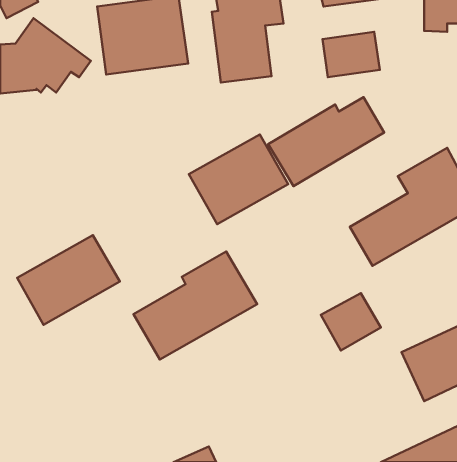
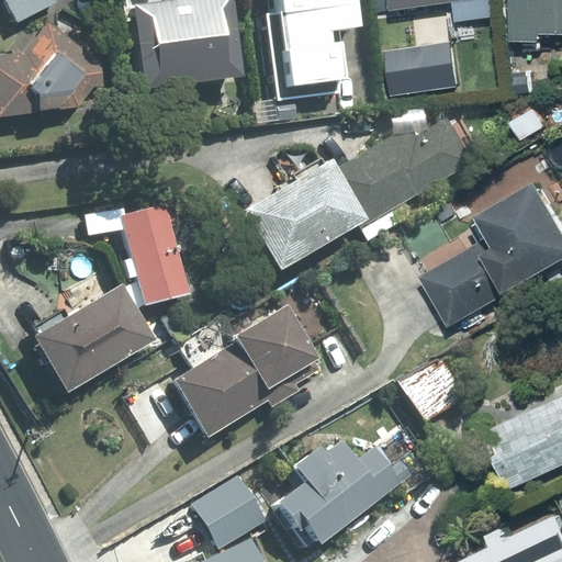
building: none -> [119,204,190,307]
building: none -> [271,439,411,544]
building: none -> [200,475,273,547]

